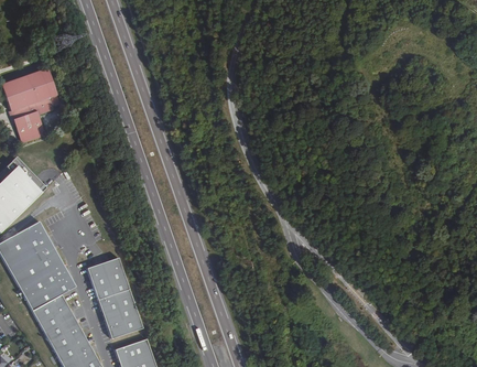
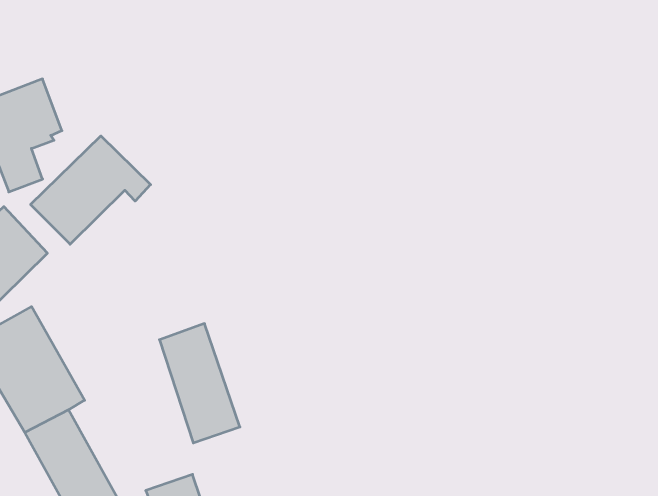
building: none -> [31,136,151,244]
building: [88,256,143,337] -> [159,324,240,443]

